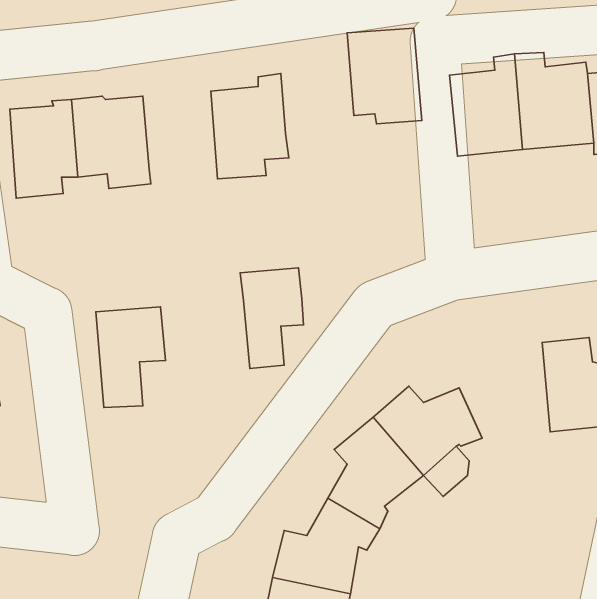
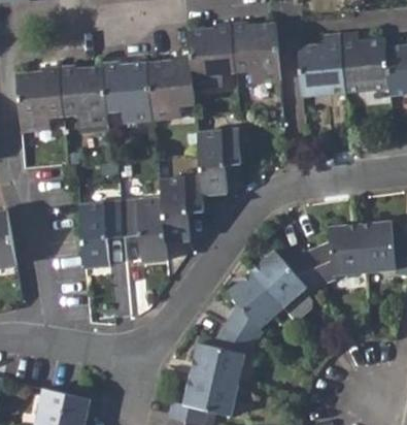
building: none -> [194,26,241,90]
building: none -> [107,63,155,122]
building: none -> [202,128,246,195]
building: none -> [118,196,176,259]
building: none -> [308,223,366,284]

